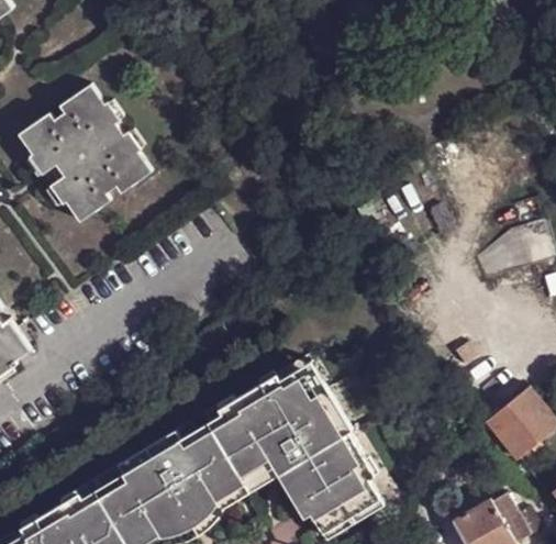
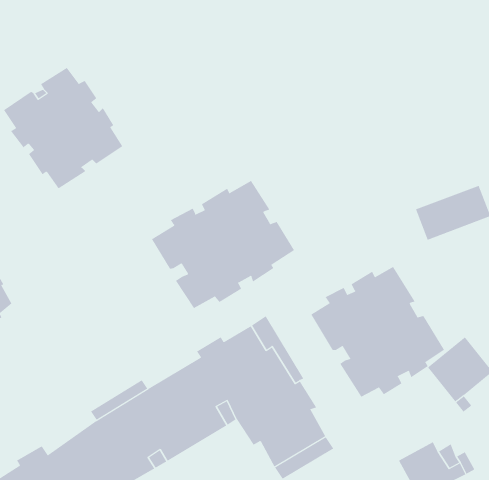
building: none -> [151,180,295,309]
building: none -> [311,266,445,397]

